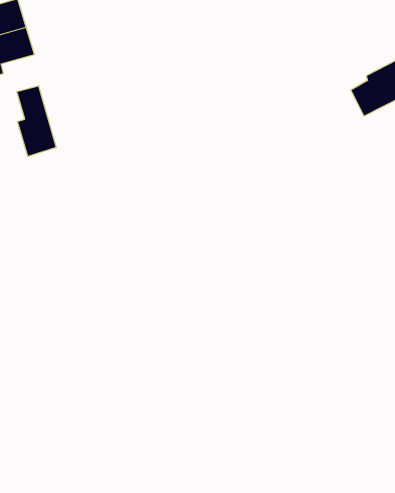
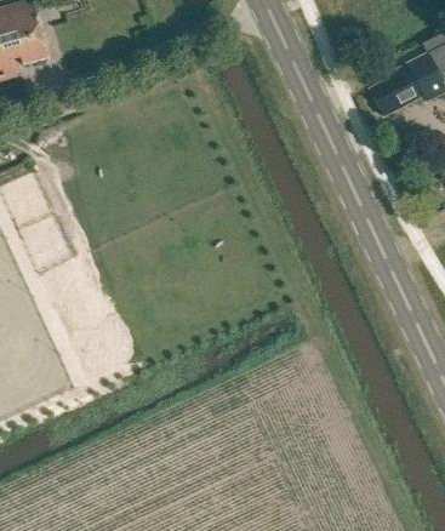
building: [17,86,56,157] -> none

